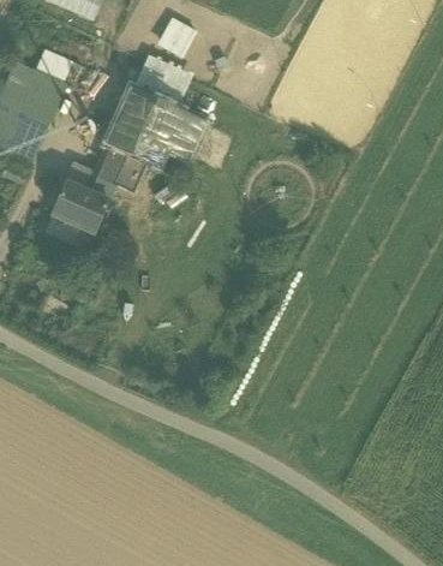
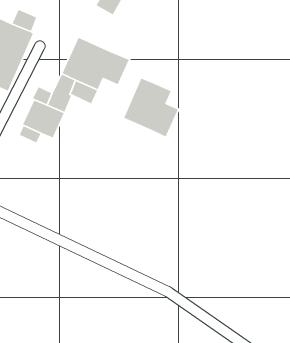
building: [128,61,186,111] -> none
building: none -> [123,78,179,138]

